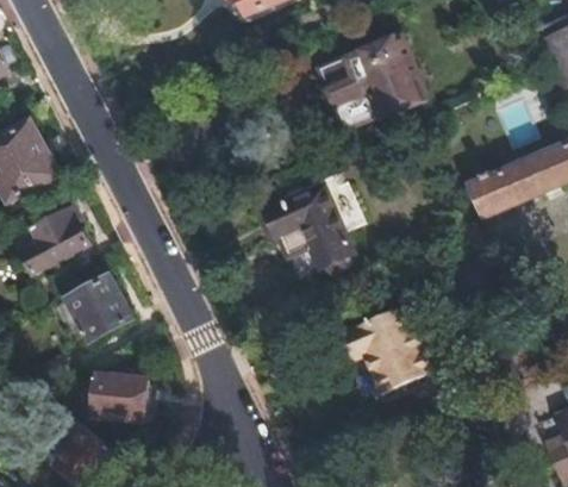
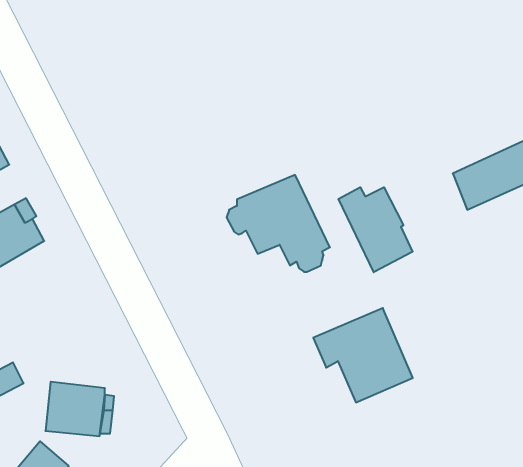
building: [314,33,422,126] -> none
building: none -> [338,187,413,272]
building: [67,279,132,341] -> none

